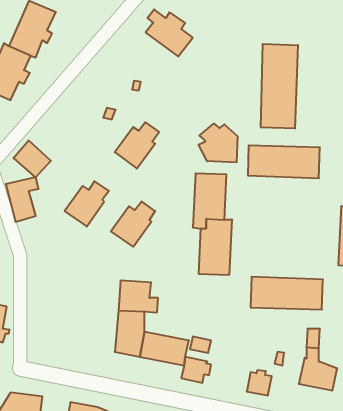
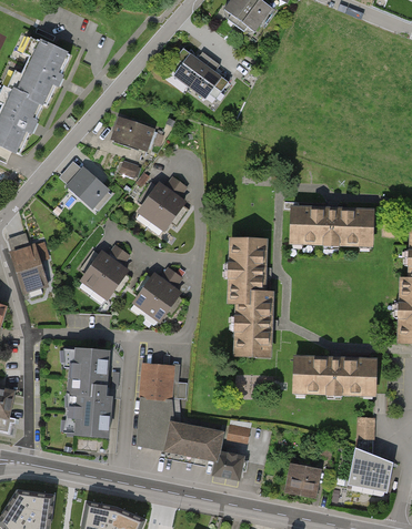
building: [261,44,298,129] -> none
building: none -> [113,120,151,149]
building: [199,124,238,162] -> none
building: [13,141,51,177] -> [64,167,108,210]
building: none -> [71,350,110,437]

